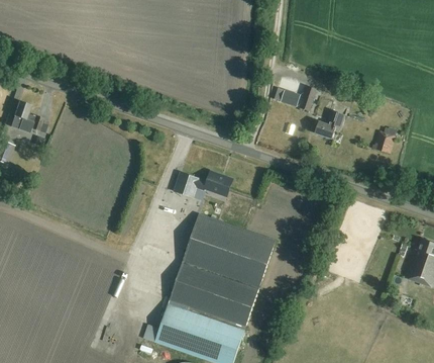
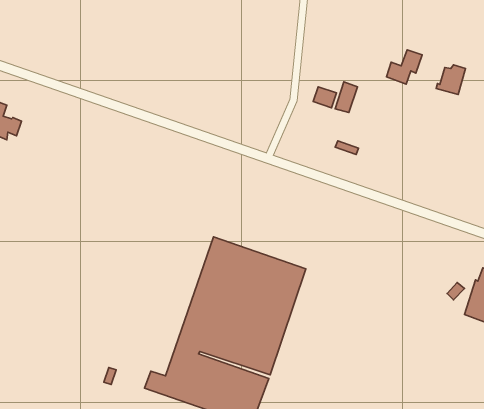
building: [315,110,344,139] -> [386,50,422,84]
building: [372,127,397,152] -> [436,65,466,95]
building: [175,170,233,196] -> none

